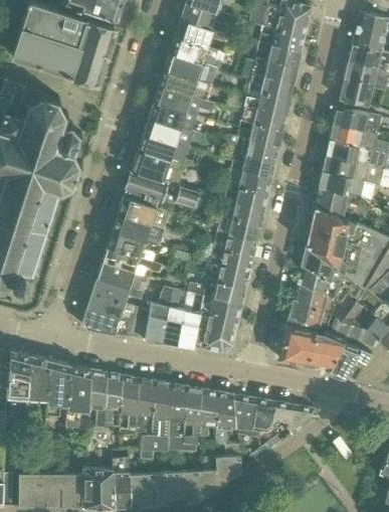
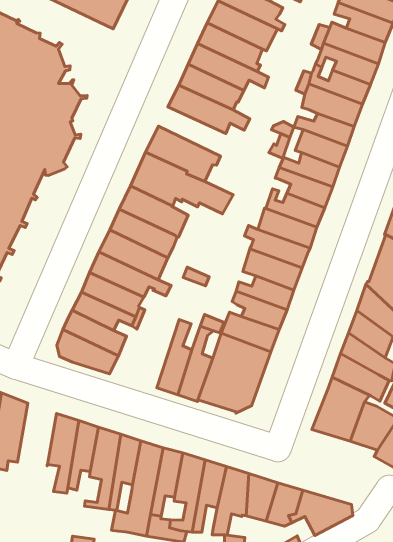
building: [139,135,192,167] -> none
building: [126,288,172,342] -> none
building: [66,365,90,429] -> none

